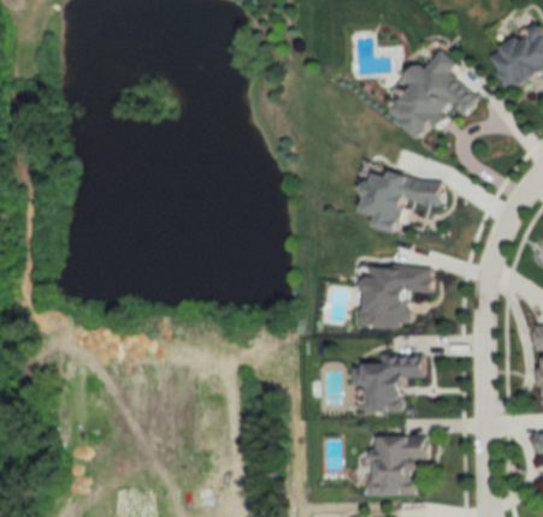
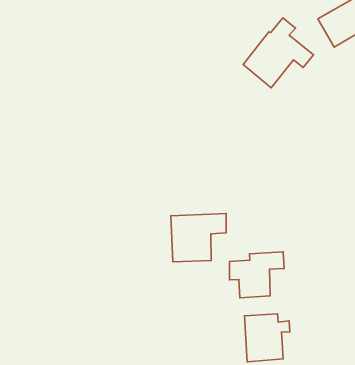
building: [358,166,445,233] -> none
building: [360,266,433,327] -> [171,214,226,262]

